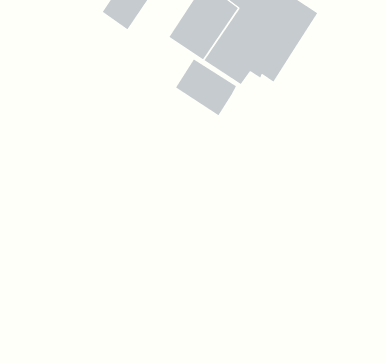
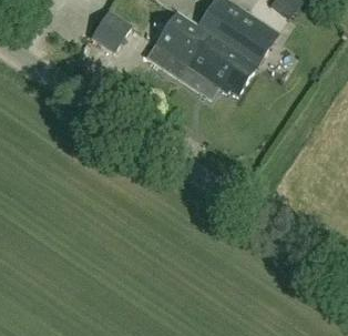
building: [175,58,237,116] -> none

